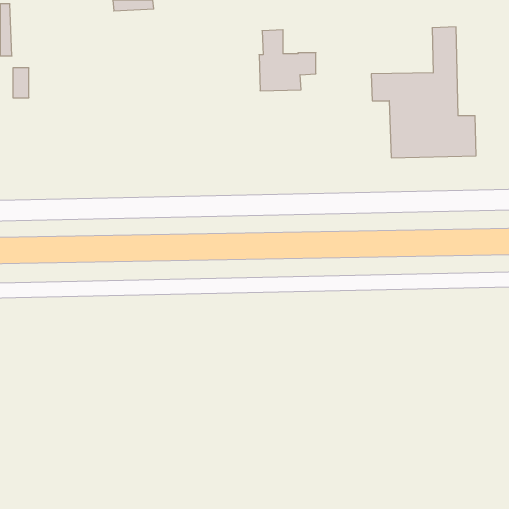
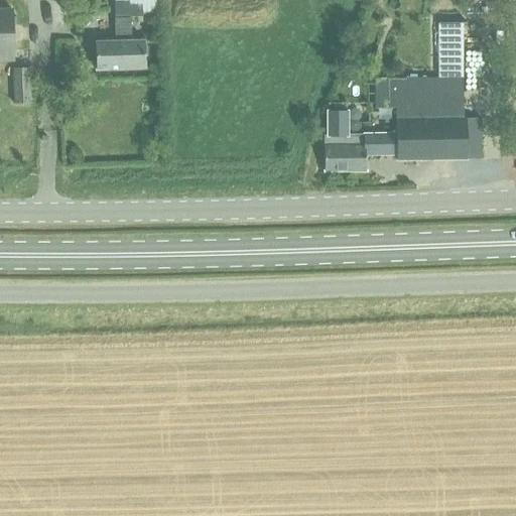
building: none -> [95,14,145,68]
building: [259,30,316,91] -> [325,111,382,172]

